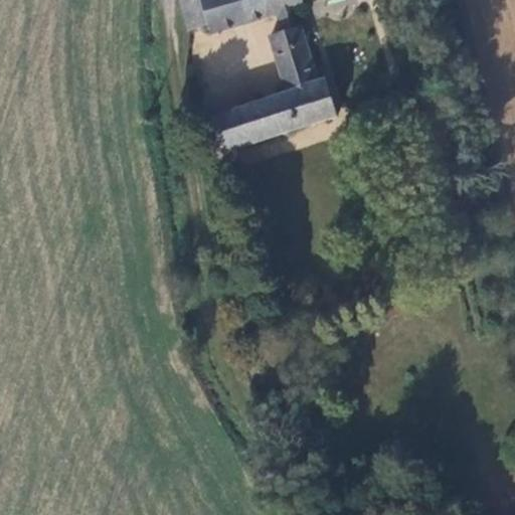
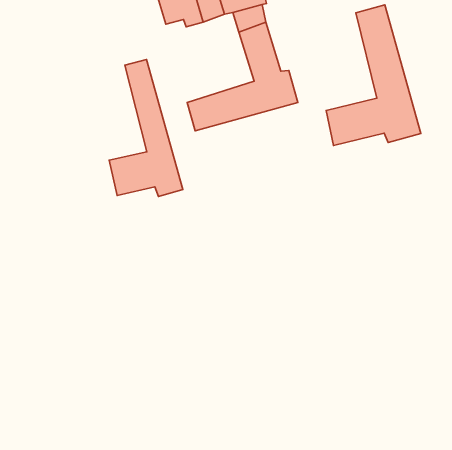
building: none -> [326,5,421,145]
building: none -> [109,59,183,196]

